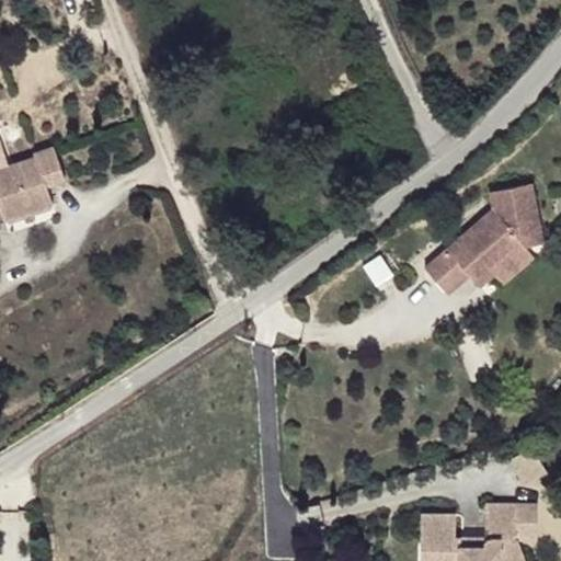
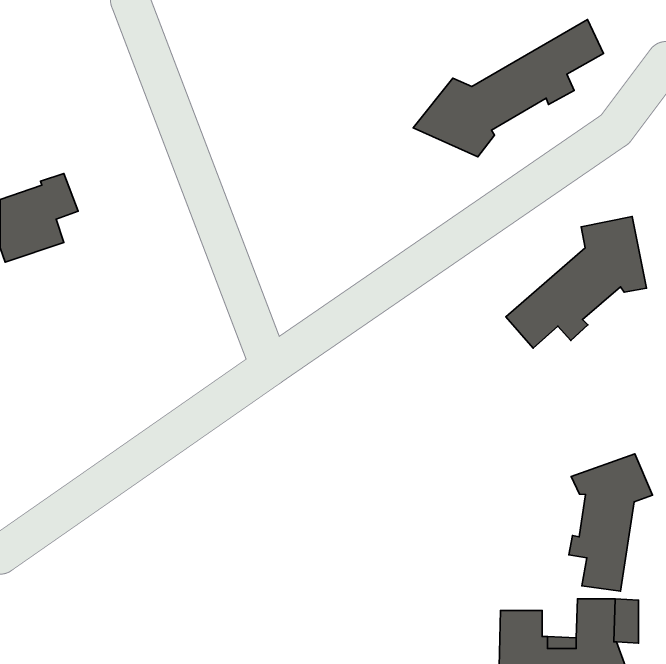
building: none -> [413,19,604,157]
building: none -> [569,454,653,591]

